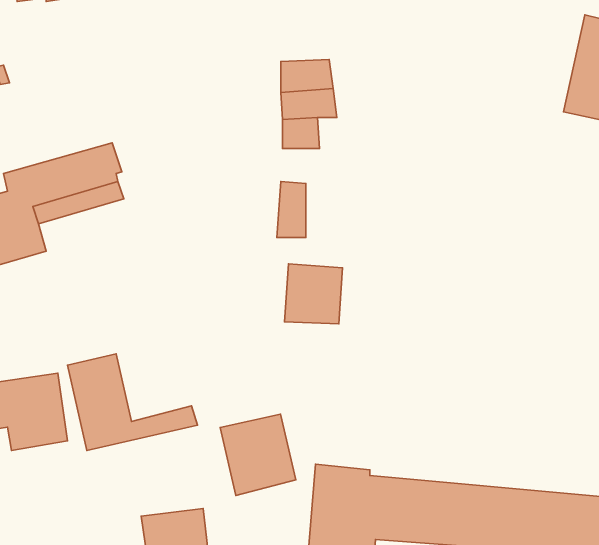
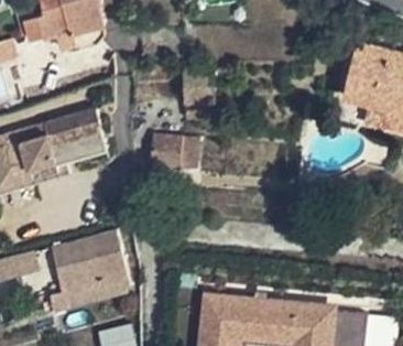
building: [285,264,343,324] -> [149,136,182,170]
building: [220,414,296,495] -> [88,228,131,274]

